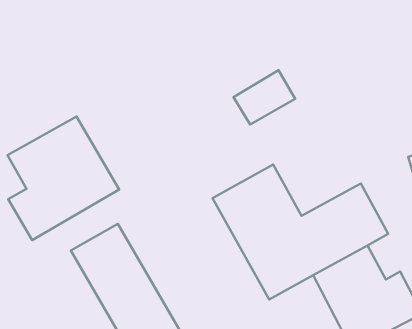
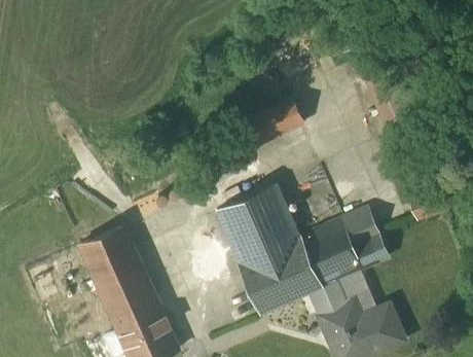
building: [8,117,119,240] -> none

